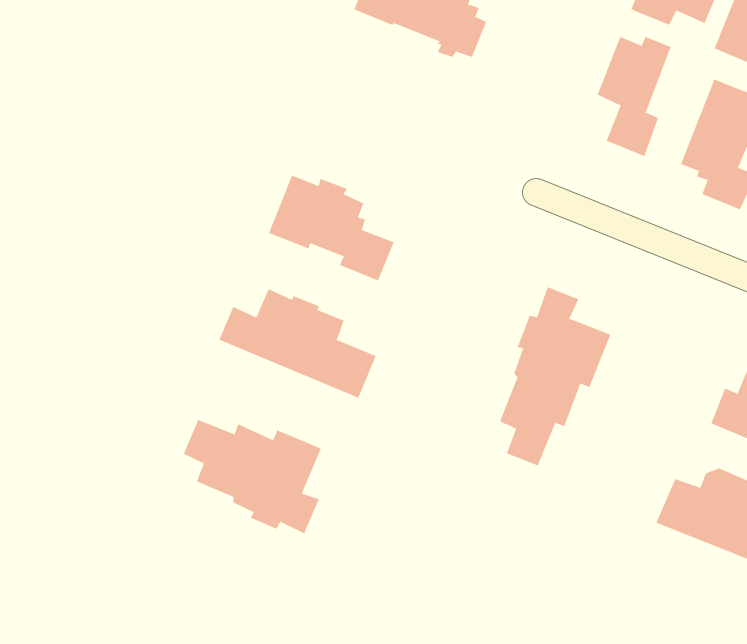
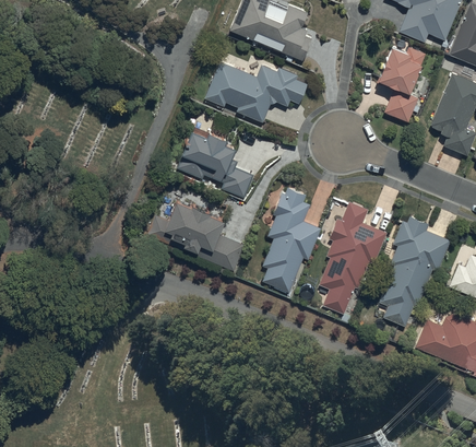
building: none -> [204,62,307,122]
building: none -> [262,188,321,293]
building: none -> [380,217,451,327]
building: [183,419,322,534] -> none

